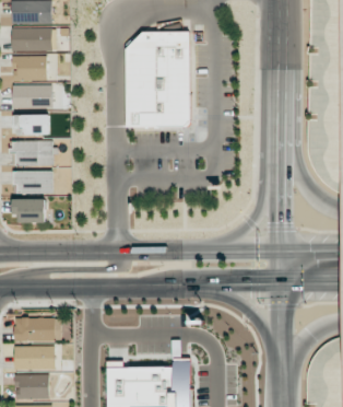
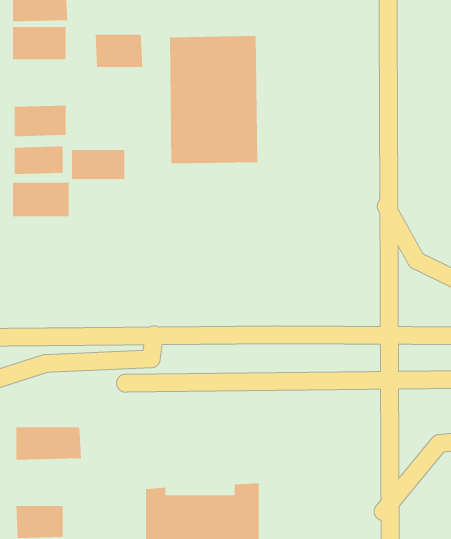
building: [12,57,47,81] -> [95,34,143,68]
building: [13,172,52,194] -> [71,149,125,180]
building: [13,199,45,223] -> none
building: [14,347,55,371] -> none

